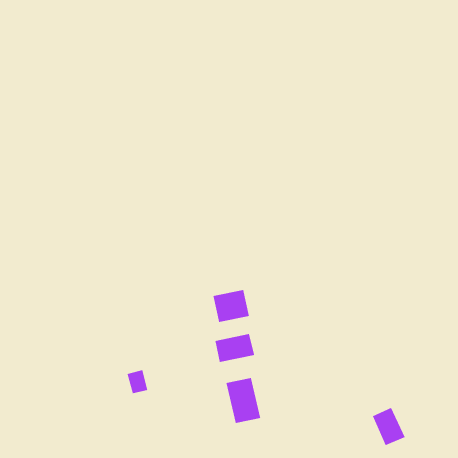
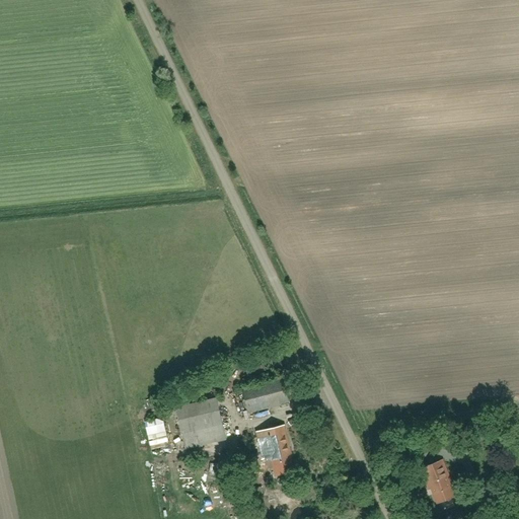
building: [213,289,250,323] -> none
building: none -> [175,397,226,448]

